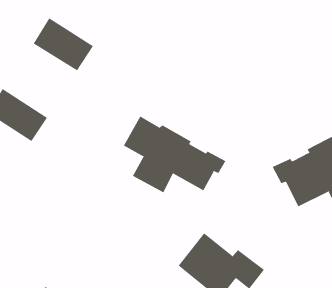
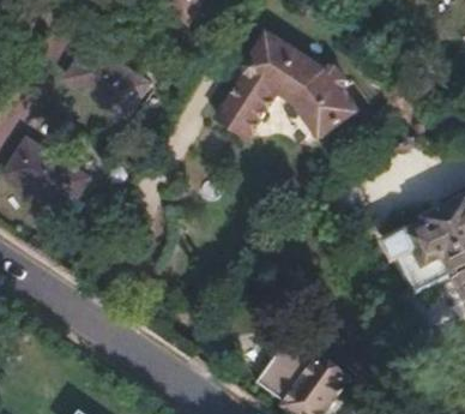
building: none -> [215,29,354,138]
building: [123,115,226,193] -> none

